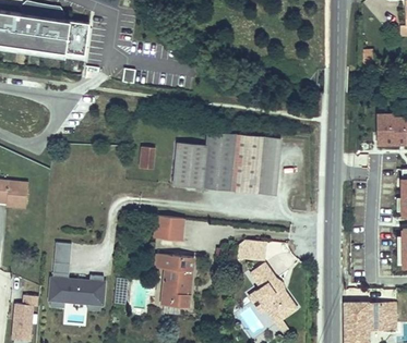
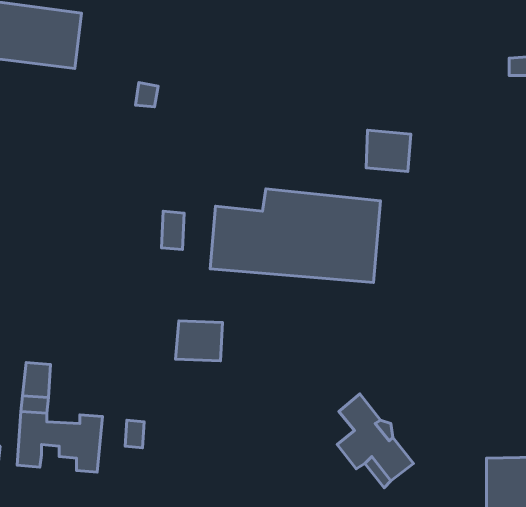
building: none -> [366,130,411,172]
building: [240,241,268,260] -> none
building: [156,255,194,306] -> none

